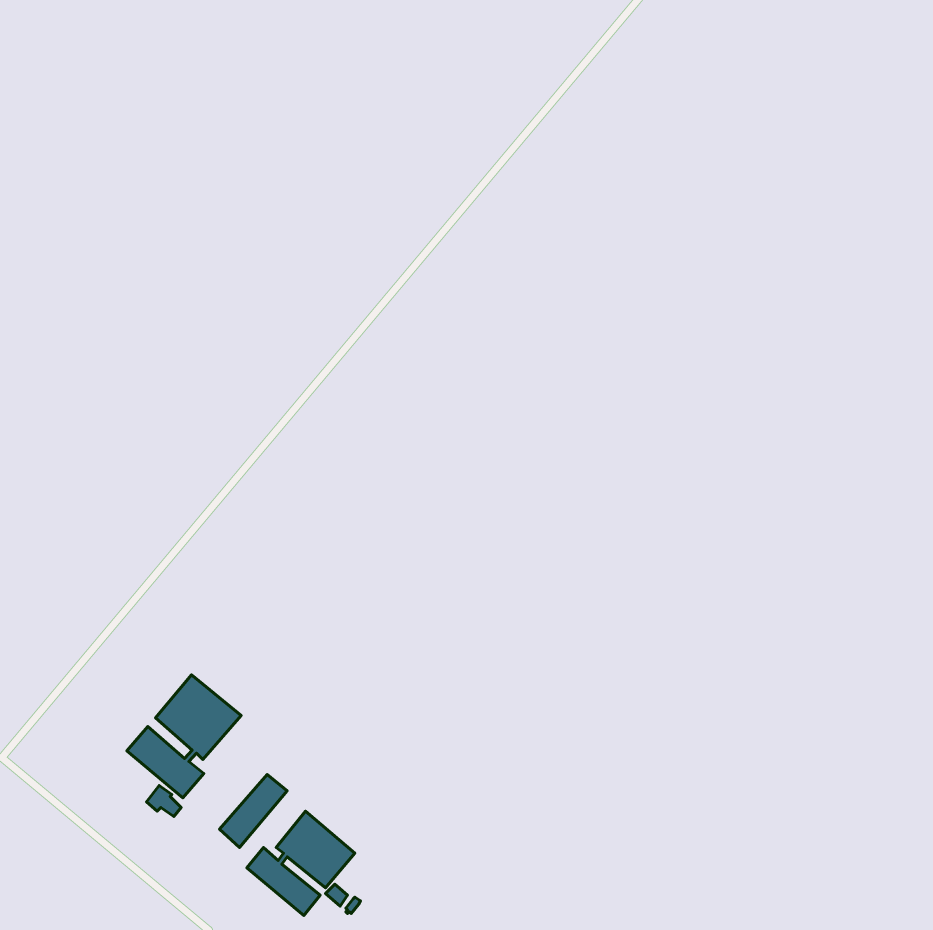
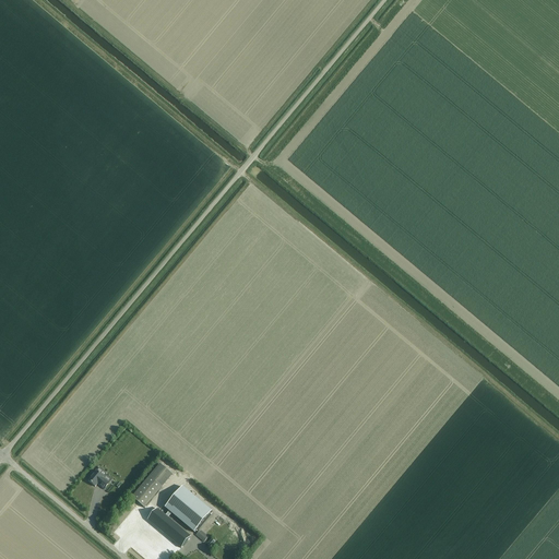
building: [127,675,241,798] -> none

